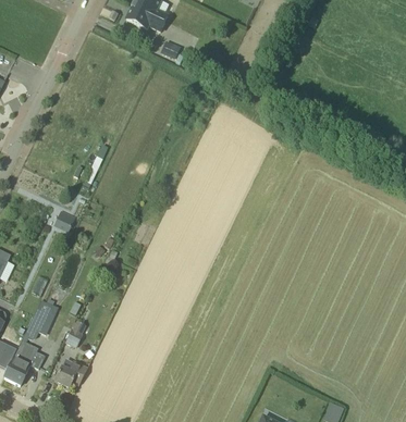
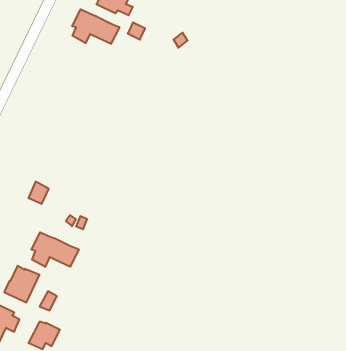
building: none -> [72,9,119,44]
building: none -> [32,232,79,267]

